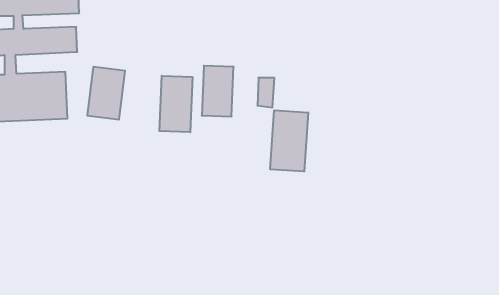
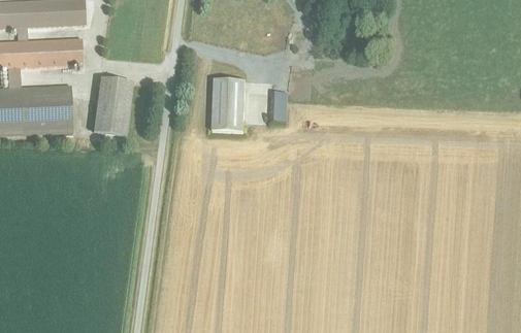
building: [159,76,192,132] -> none
building: [270,110,308,172] -> none

